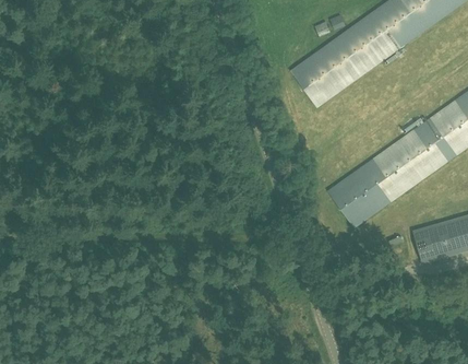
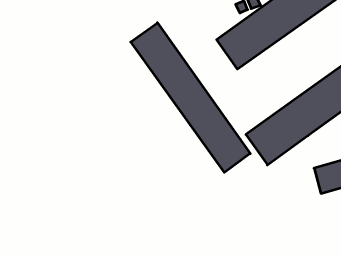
building: none -> [131,23,250,172]

